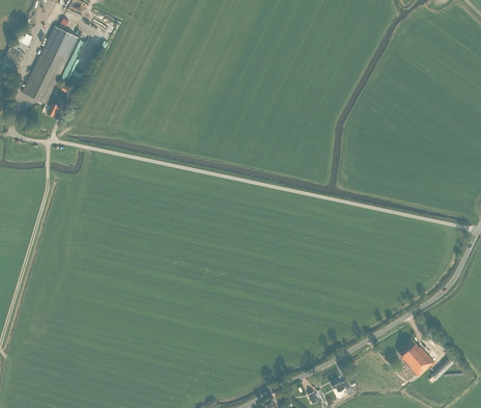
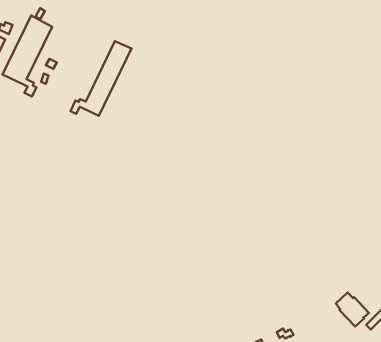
building: none -> [71,41,132,116]

